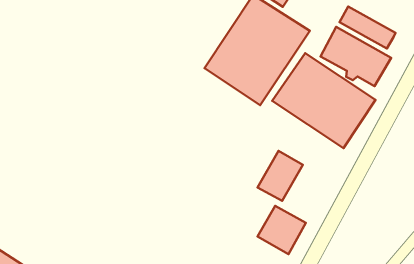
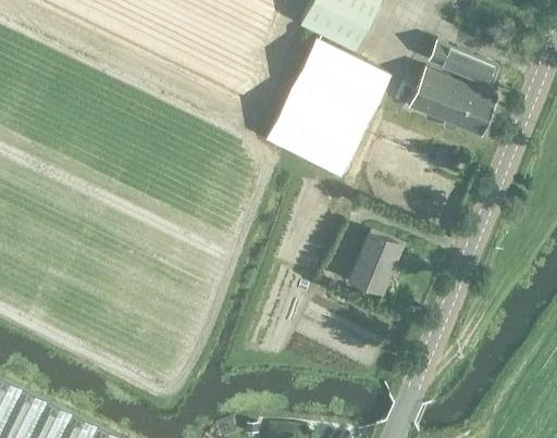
building: [272,53,375,148] -> none
building: [257,206,306,254] -> none

